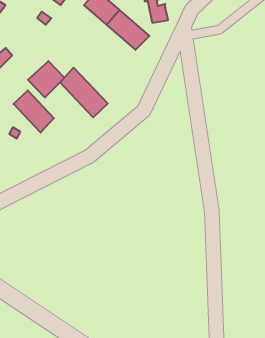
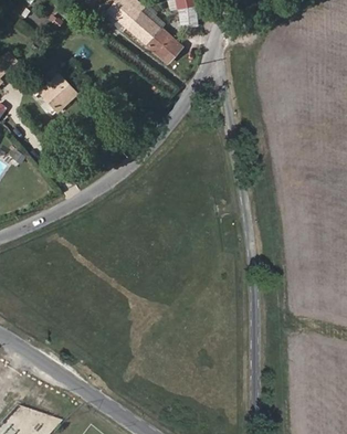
building: [60,68,108,117] -> none
building: [13,90,54,133] -> none

